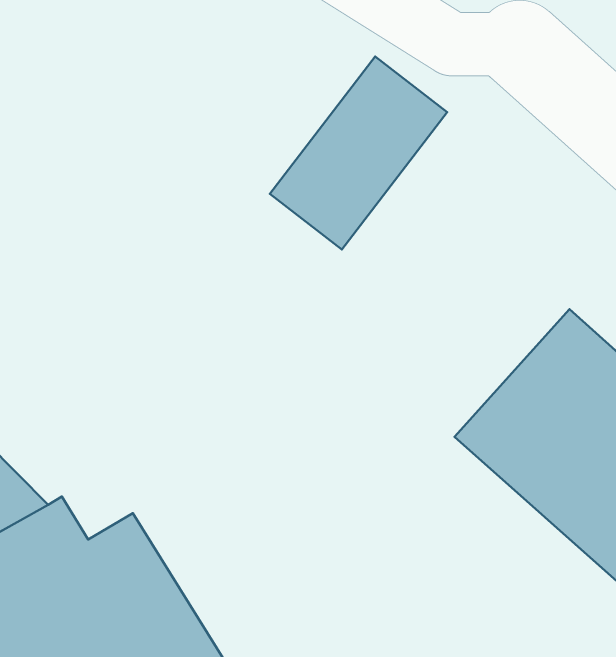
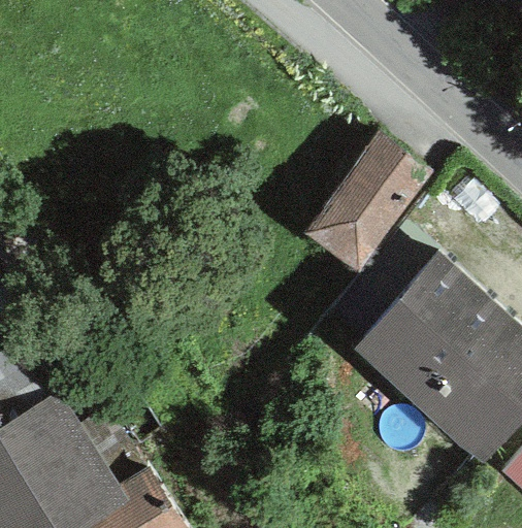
building: [270,57,447,249] -> [303,130,435,273]

